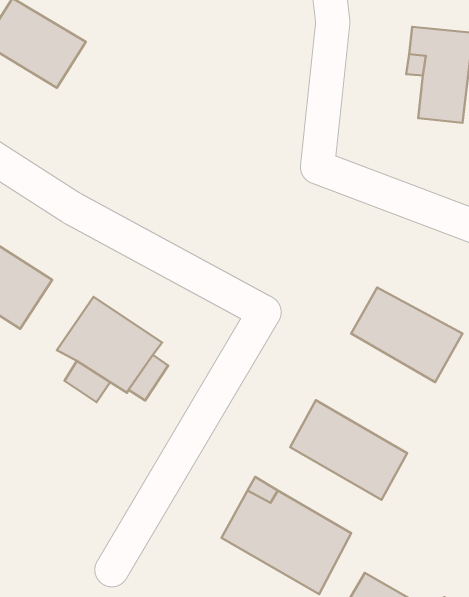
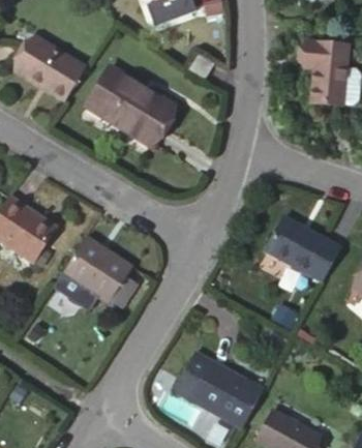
building: none -> [87,62,177,141]
building: [290,400,407,500] -> none

